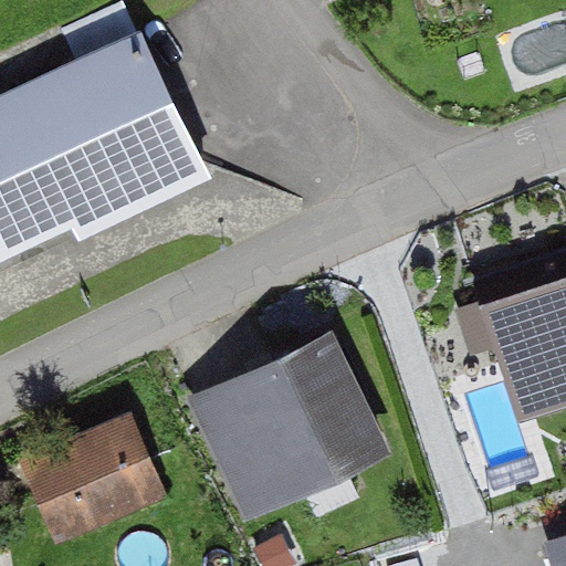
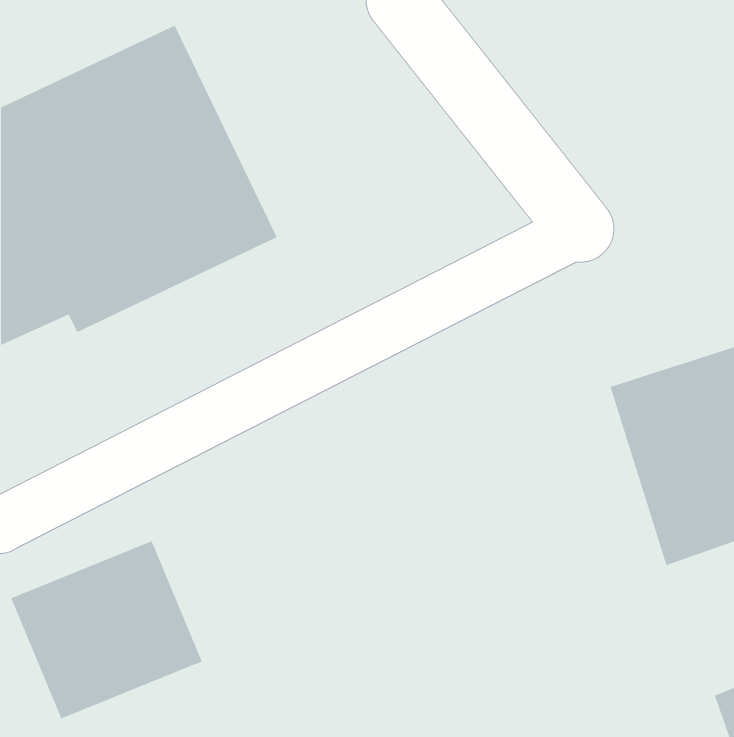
building: [188,335,381,518] -> none

